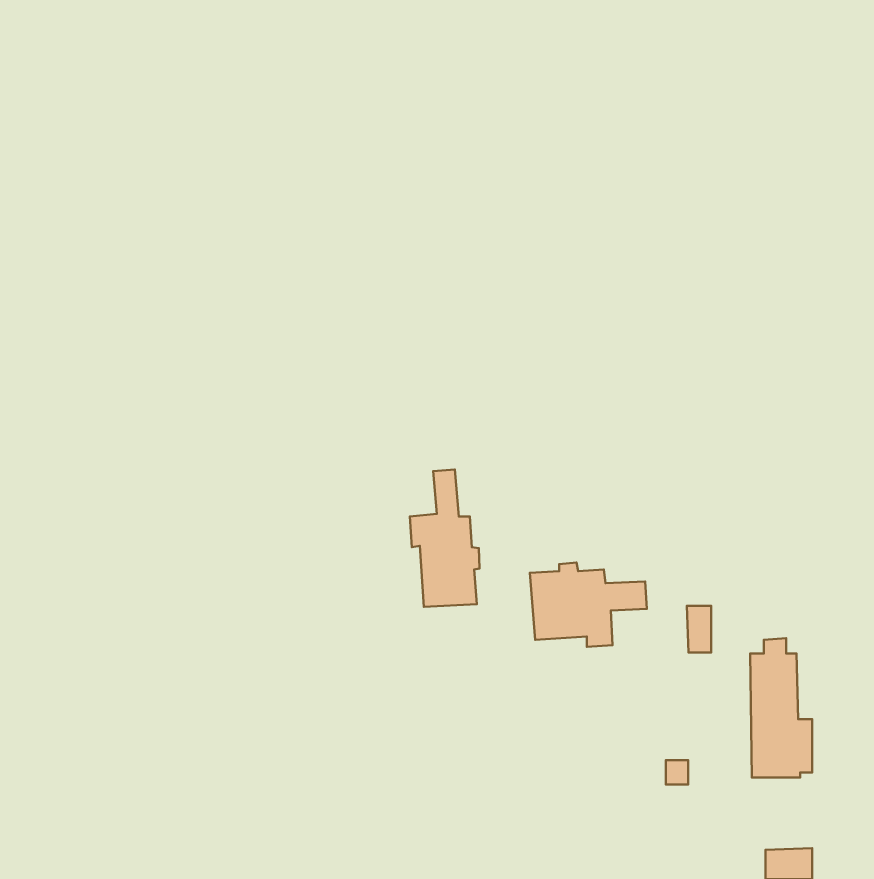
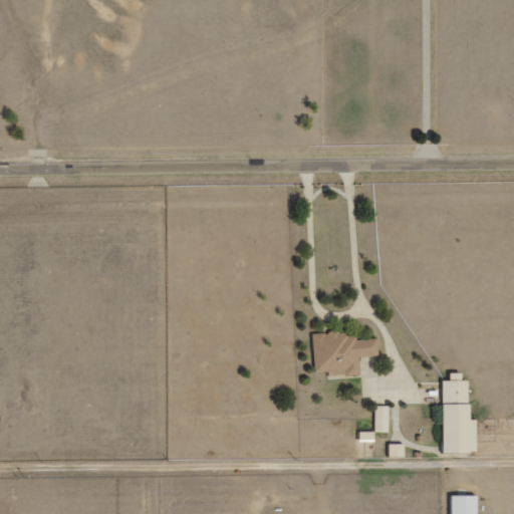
building: [410,470,480,607] -> none
building: [687,606,711,652] -> [375,406,390,433]

